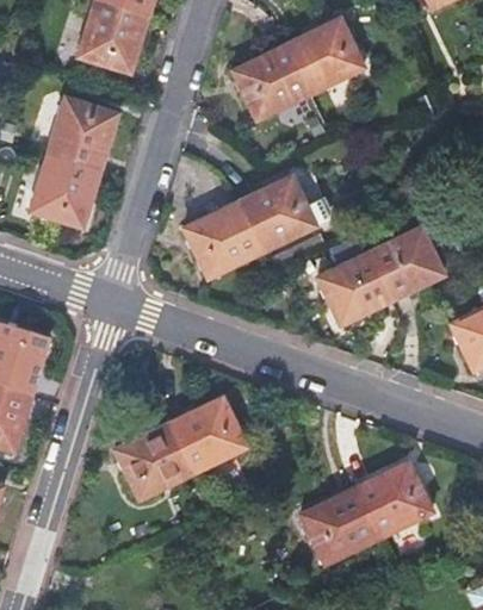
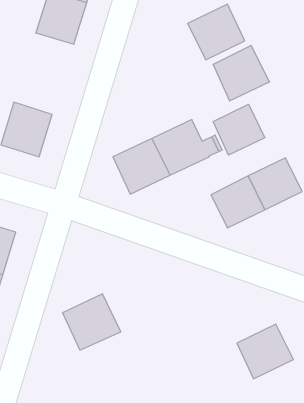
building: [233,46,310,123] -> [213,46,270,101]
building: [47,100,117,172] -> none
building: none -> [213,104,265,155]
building: [168,394,242,471] -> none
building: [298,486,376,558] -> none

